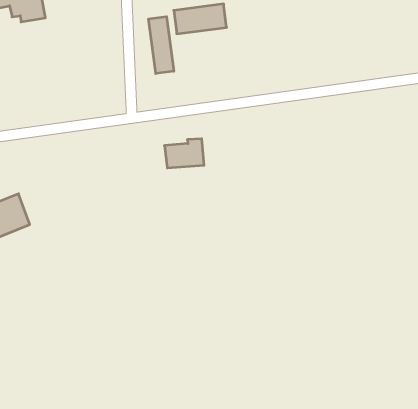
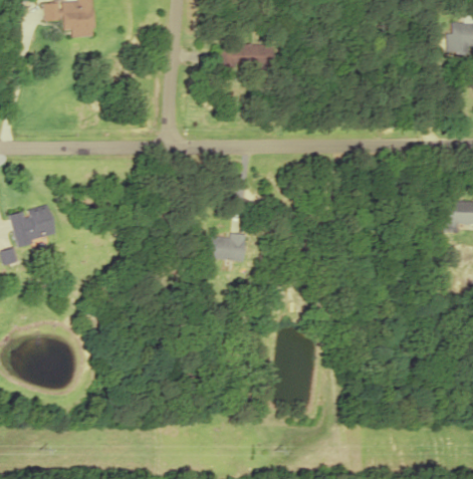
building: [149,17,174,74] -> none
building: [164,139,204,168] -> [209,233,246,260]

